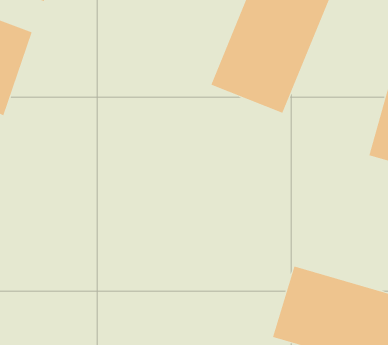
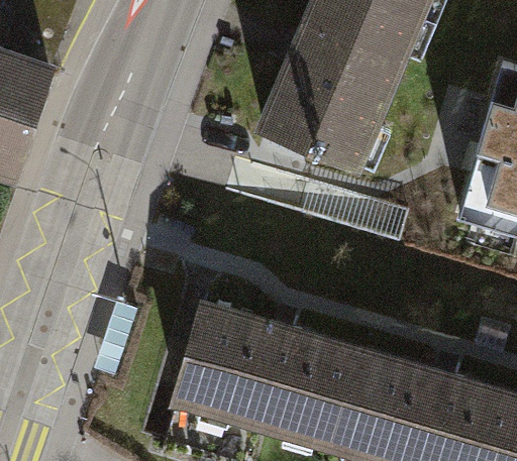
building: none -> [175,307,367,442]

